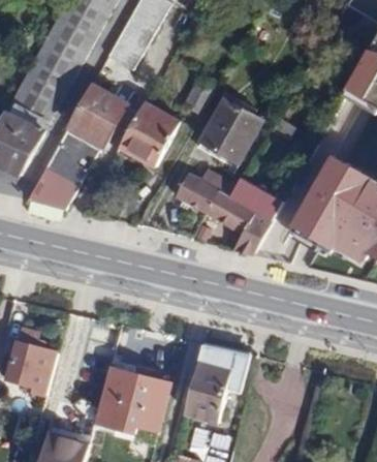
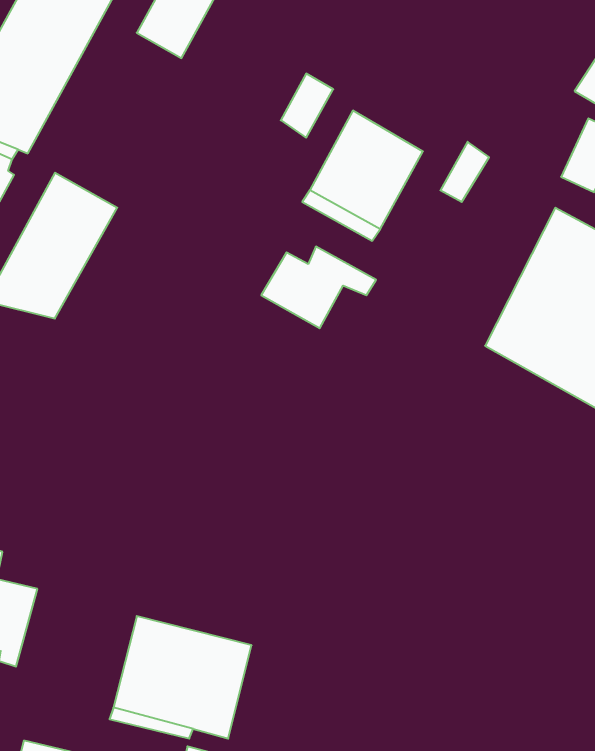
building: [69,87,126,146] -> none
building: [119,103,179,165] -> none
building: [206,178,282,253] -> none
building: [184,345,247,423] -> none

